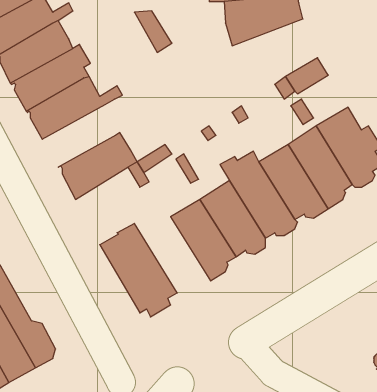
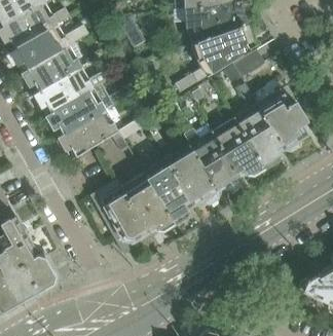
building: none -> [174,23,257,95]
building: none -> [45,84,131,137]
building: none -> [116,175,175,233]

